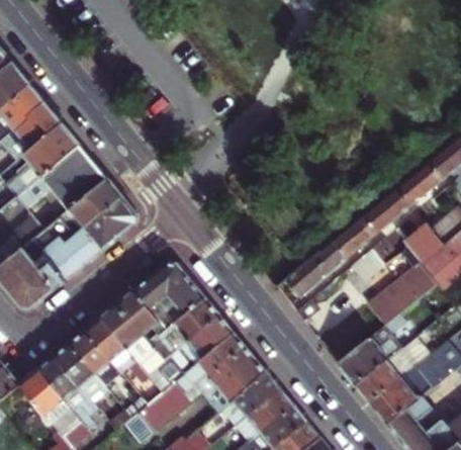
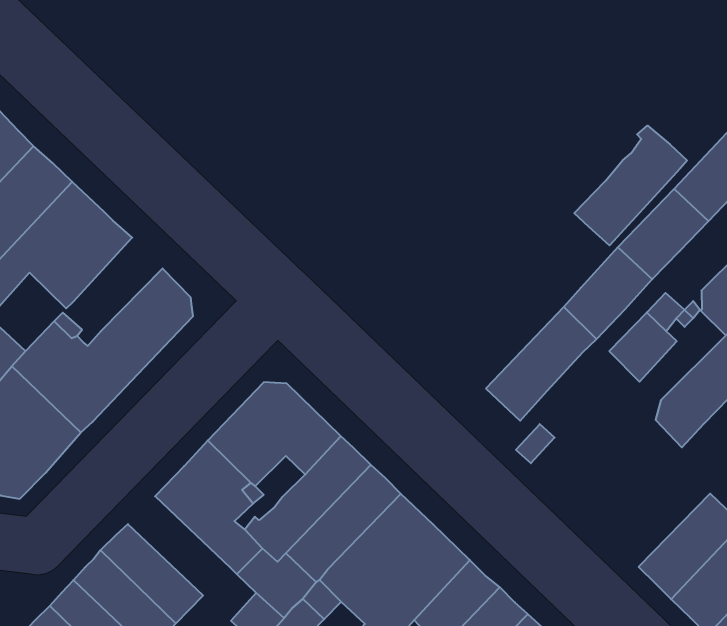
building: none -> [574,126,687,245]
building: [71,178,120,226] -> none
building: [336,312,403,384] -> none
building: [86,317,137,372] -> none

